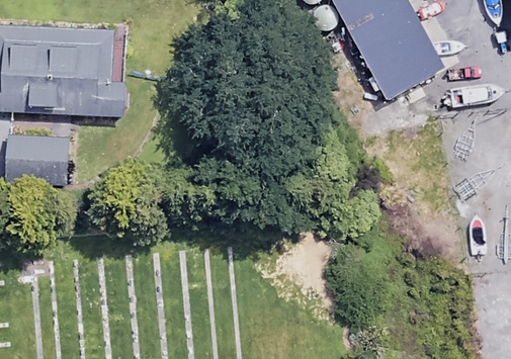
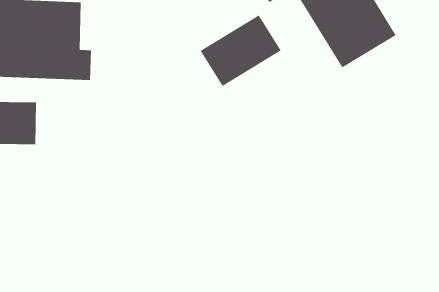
building: none -> [200,15,281,87]

